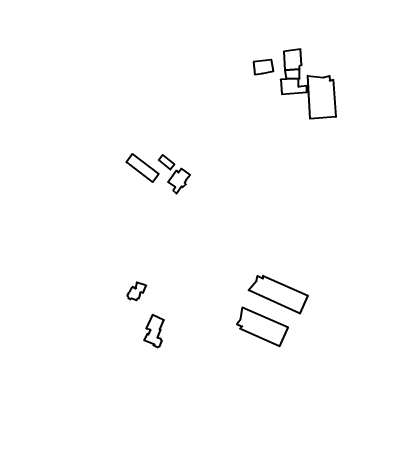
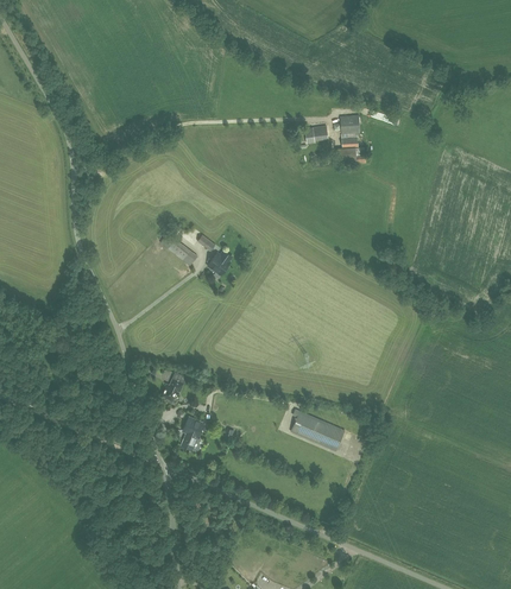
building: [308,76,336,119] -> none
building: [249,276,308,314] -> none

